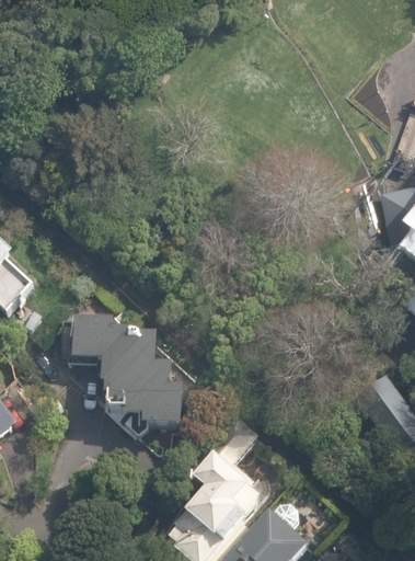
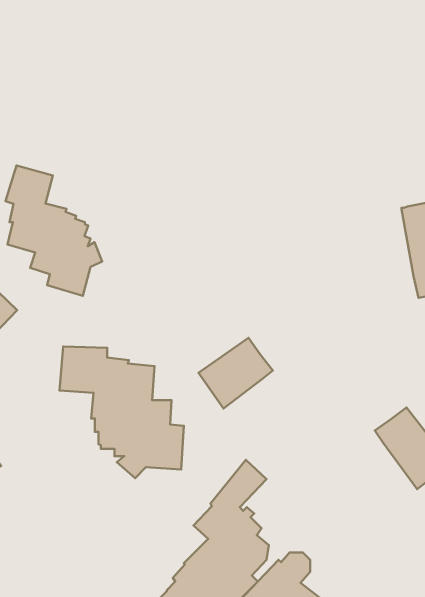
building: none -> [6,166,102,296]
building: none -> [198,338,273,408]

